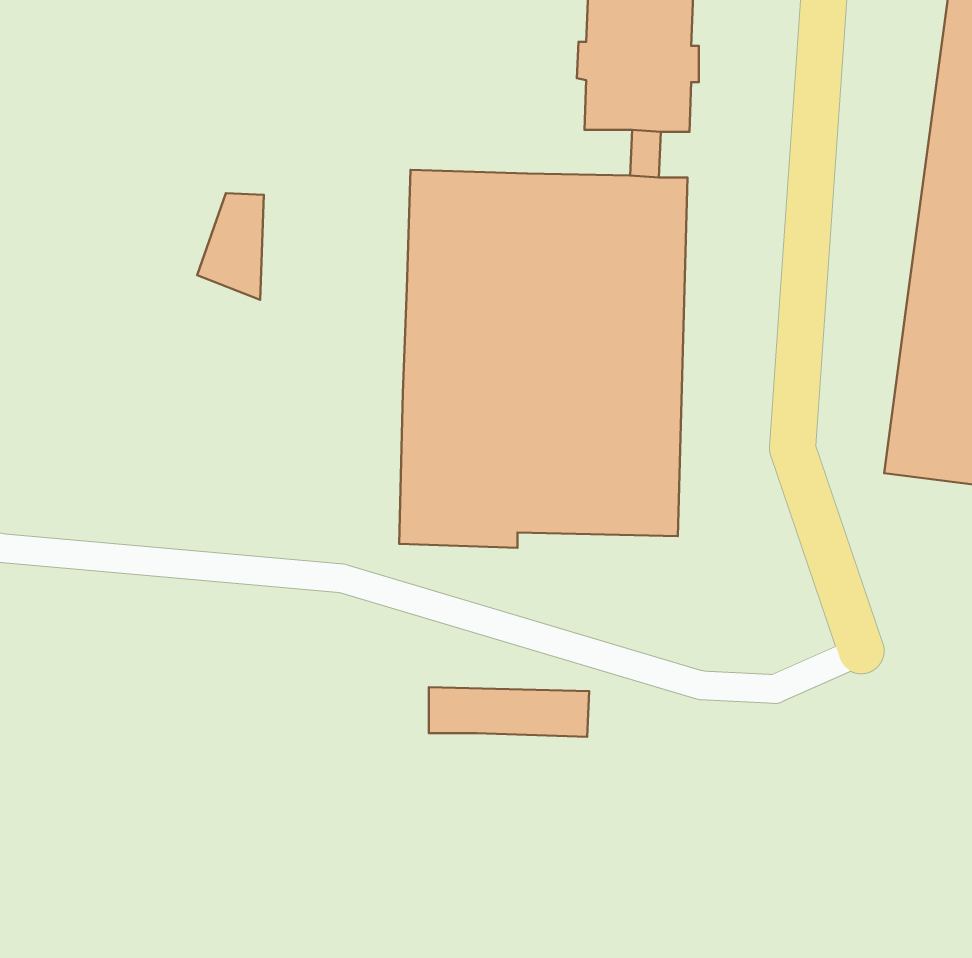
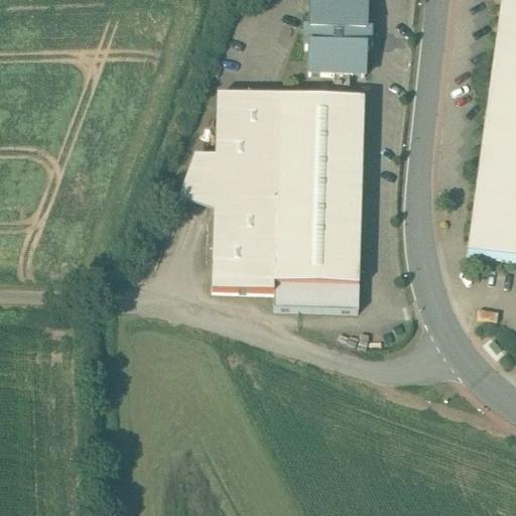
building: [197,193,264,300] -> [181,151,217,208]
building: [429,687,589,737] -> [275,281,360,307]

